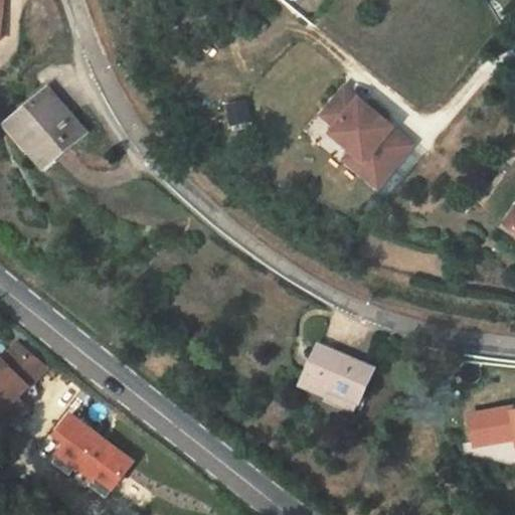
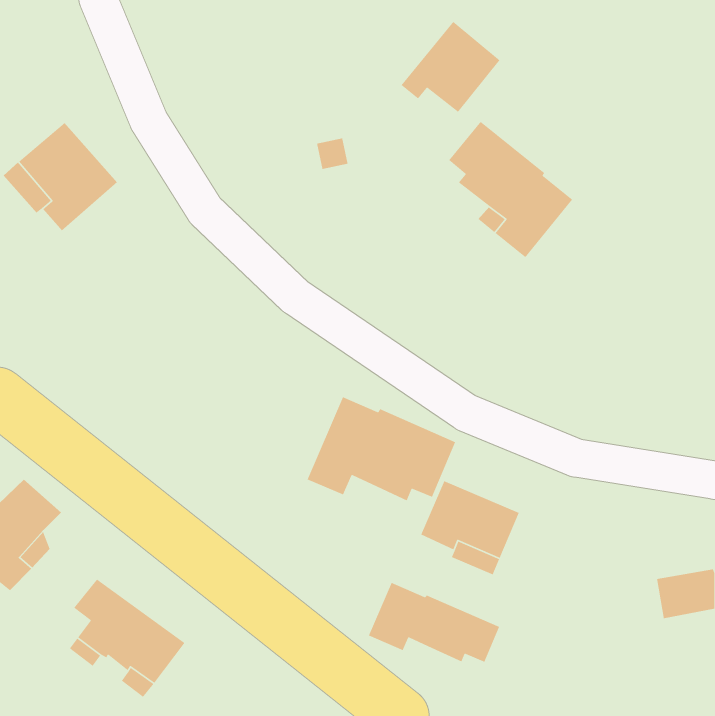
building: none -> [400,21,501,113]
building: none -> [307,396,456,502]
building: none -> [368,582,500,663]

